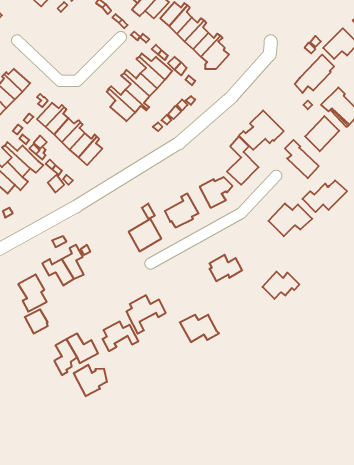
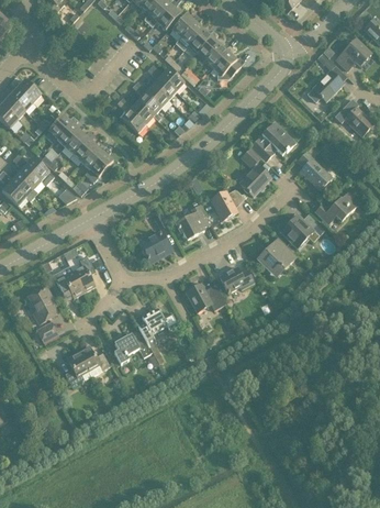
building: [305,116,339,151] -> none
building: [262,272,299,299] -> [257,243,294,270]
building: [180,315,219,342] -> [186,284,225,311]
building: [74,365,107,396] -> none

